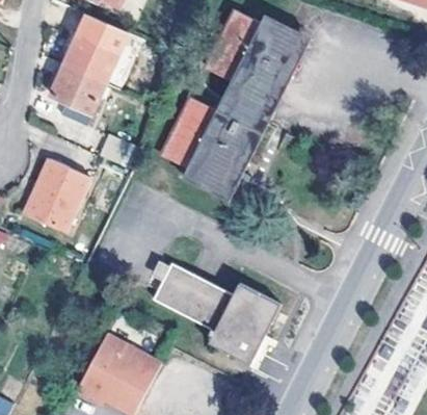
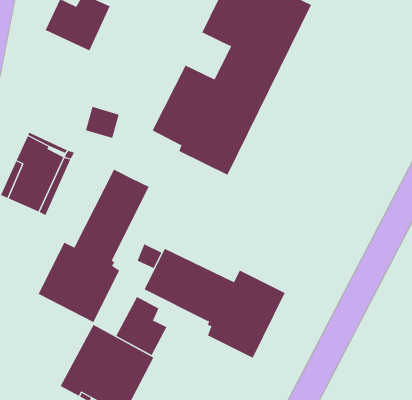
building: [51,66,104,125] -> none
building: none -> [38,169,149,323]
building: none -> [115,296,167,356]

